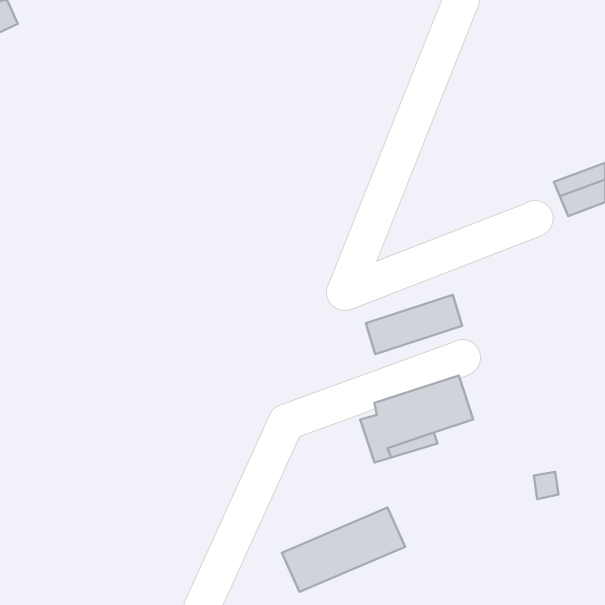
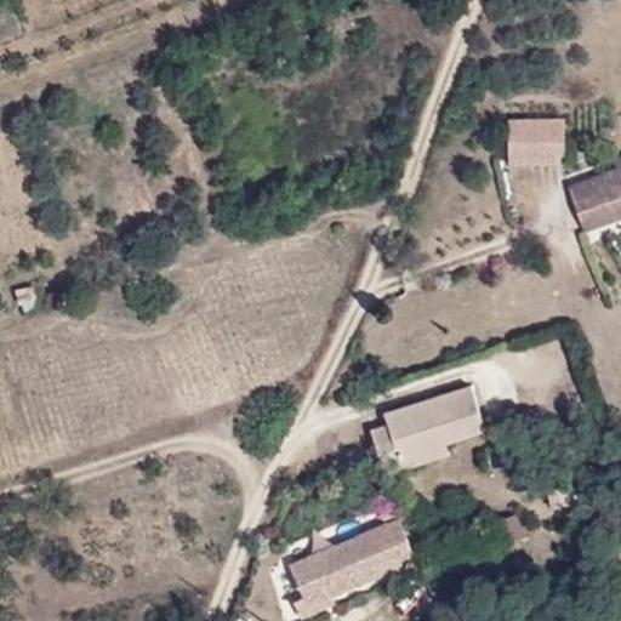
building: none -> [511,120,568,169]
building: [366,295,462,354] -> none

